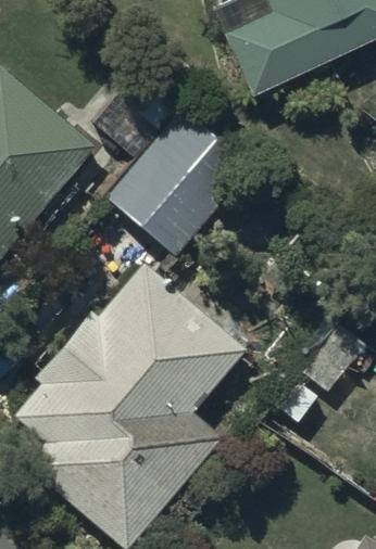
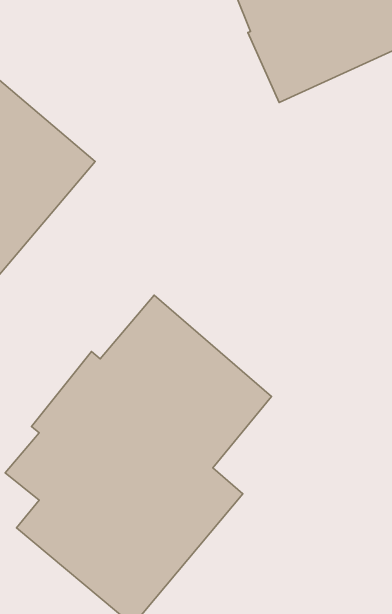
building: [91,88,253,257] -> none

